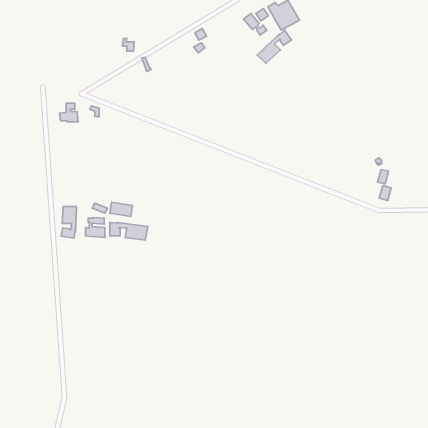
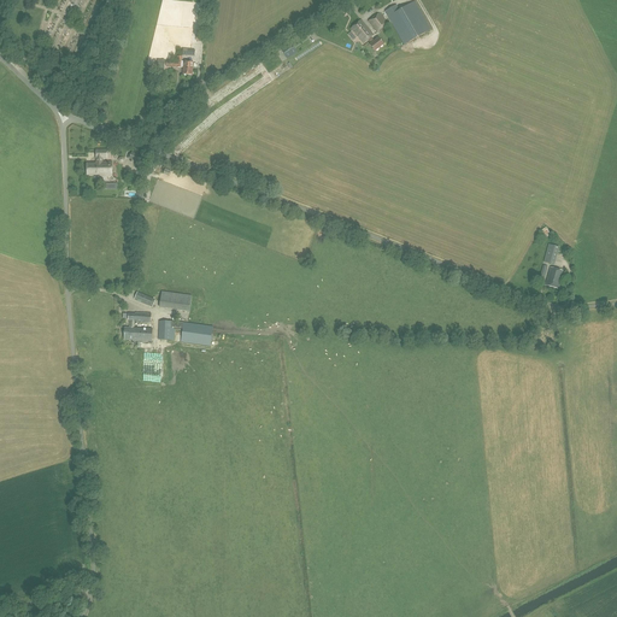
building: [257,30,291,63] -> none
building: [61,207,76,238] -> none

